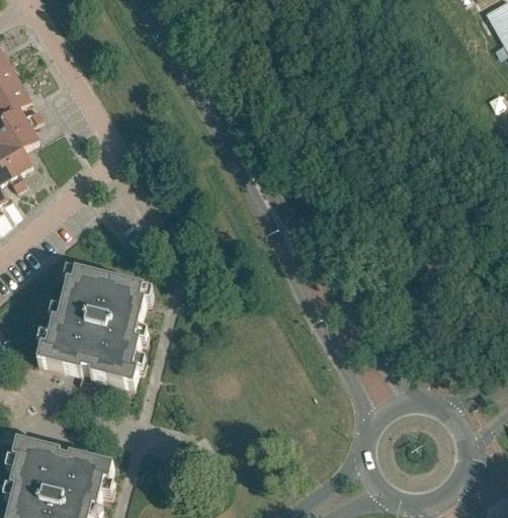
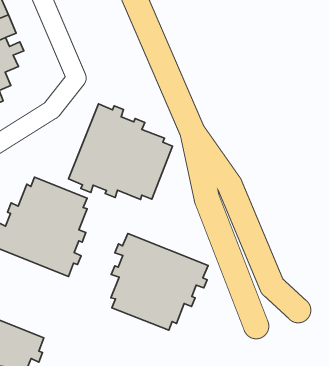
building: none -> [69,104,173,199]
building: none -> [111,233,208,330]

